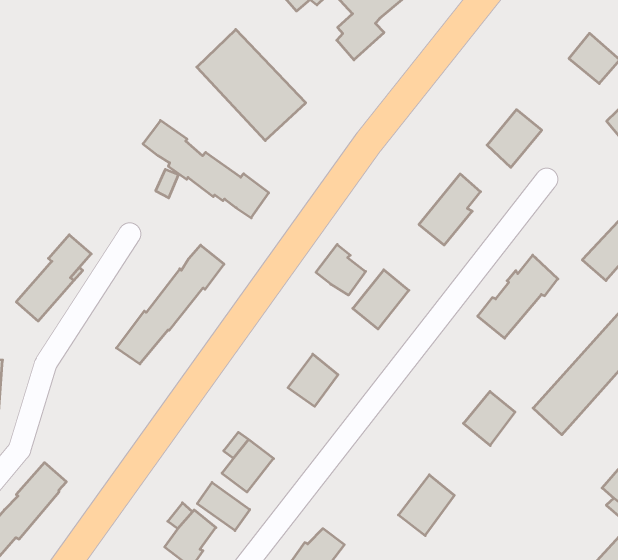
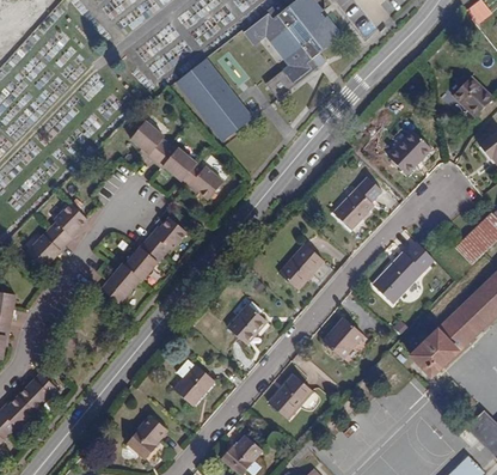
building: [316,244,366,295] -> none
building: [463,391,515,446] -> [323,317,362,358]
building: [398,475,454,536] -> [269,373,312,419]
building: [197,482,250,531] -> none

